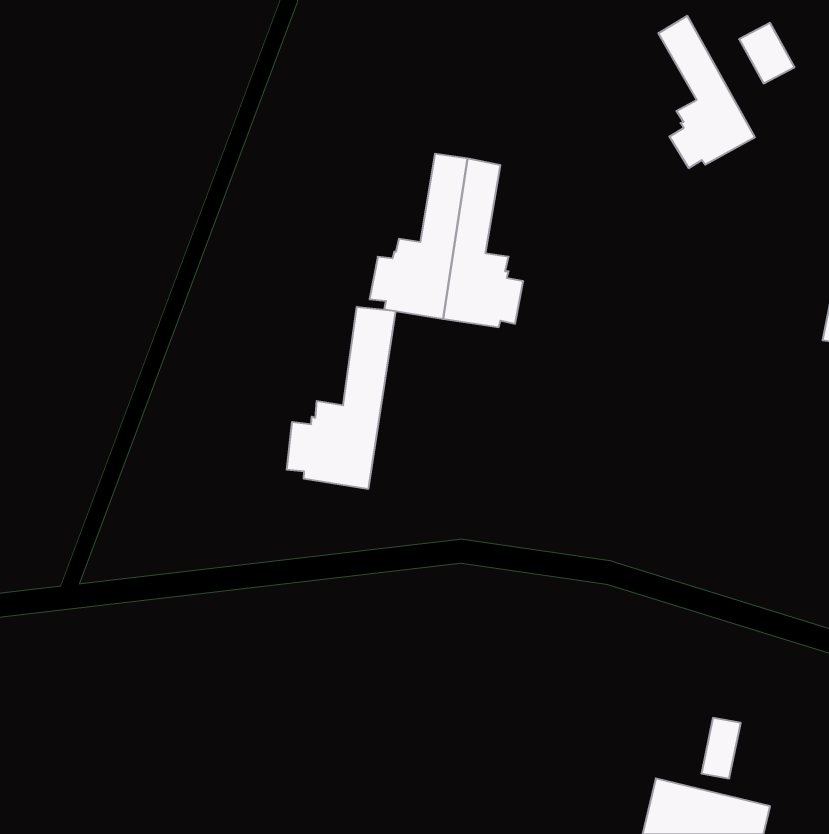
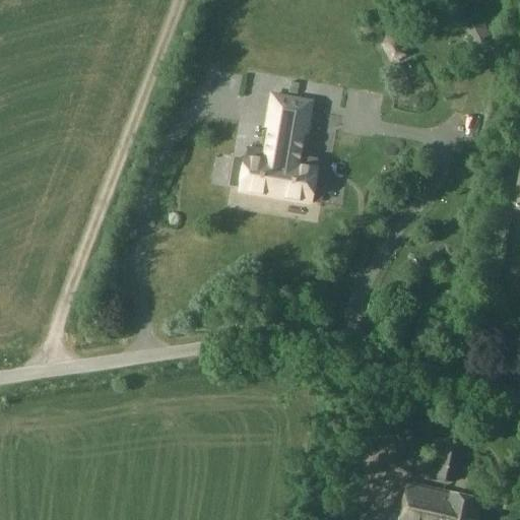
building: [658,16,755,168] -> none
building: [287,307,395,489] -> none

